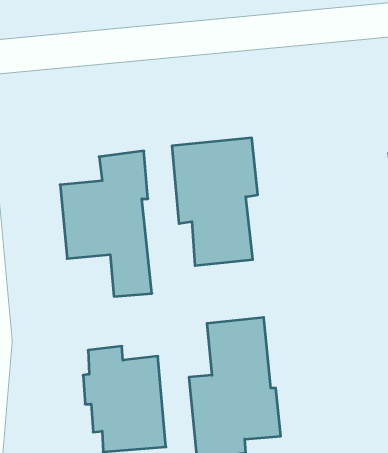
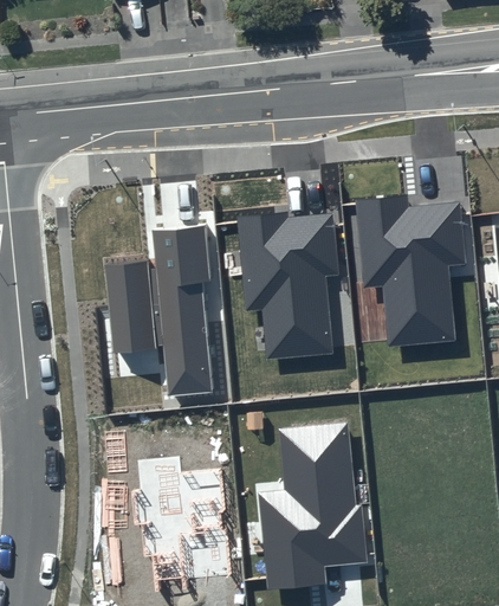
building: none -> [355,195,466,348]

